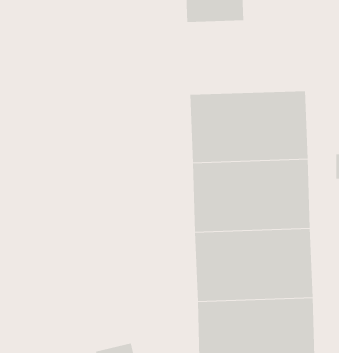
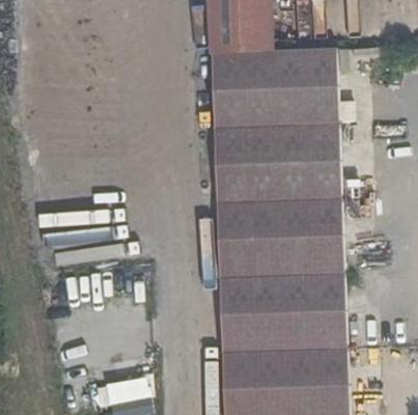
building: none -> [211,46,339,128]

